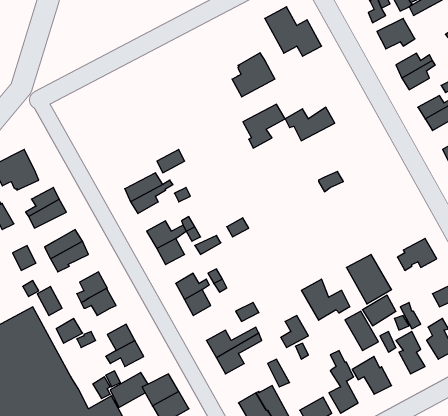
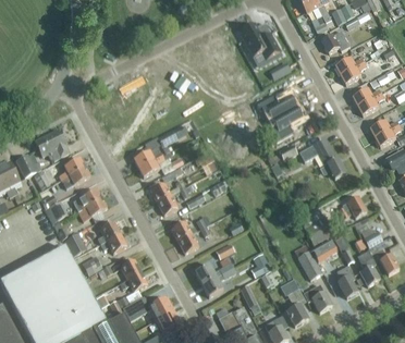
building: [232,53,275,97] -> none
building: [243,104,285,148] -> [265,109,296,142]
building: none -> [298,137,344,179]
building: [301,279,350,320] -> none

